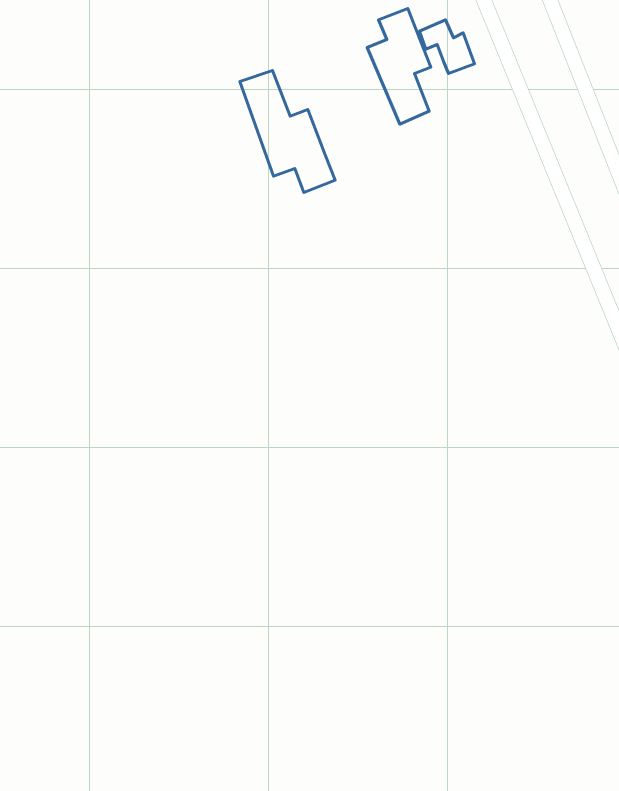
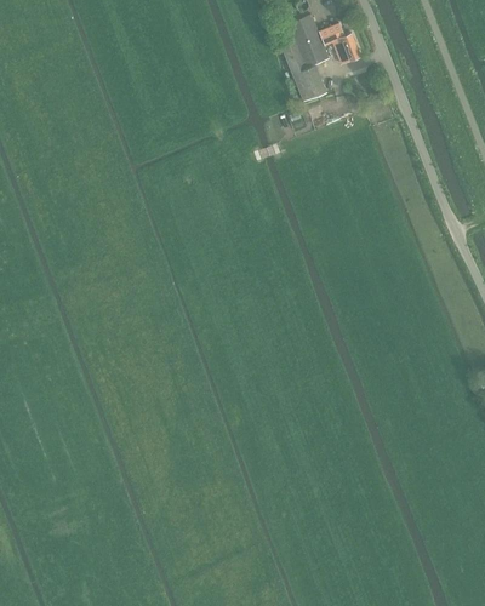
building: [240,71,335,192] -> none

